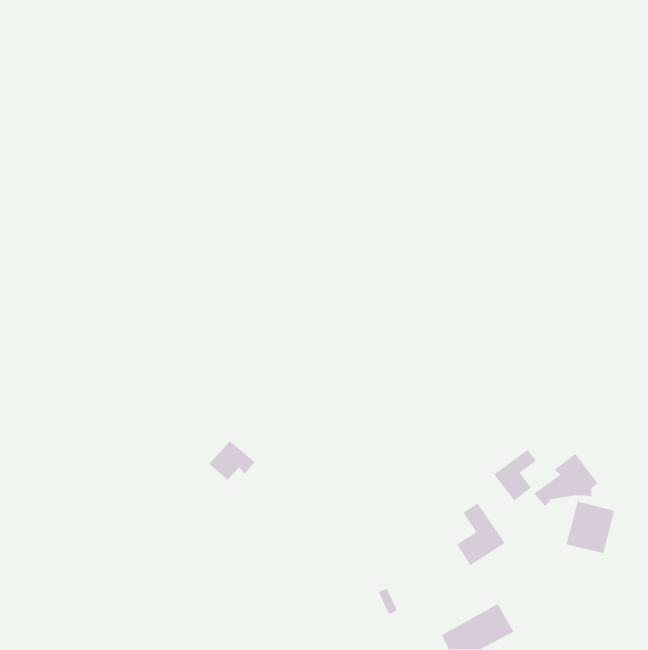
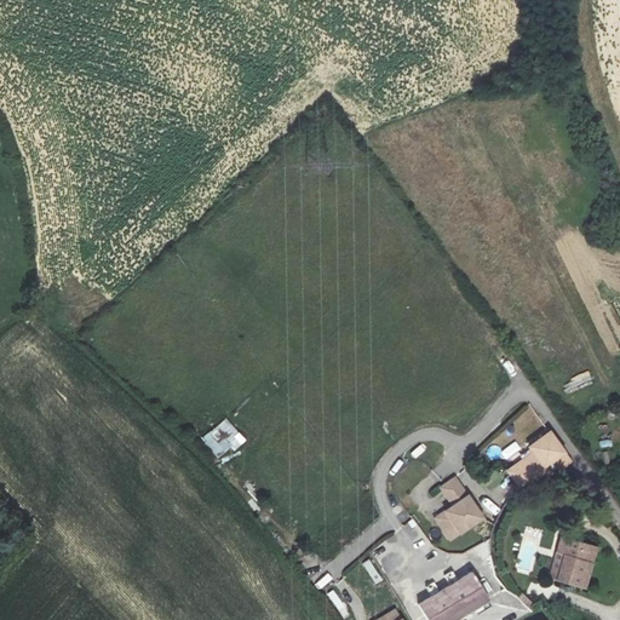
building: [493,449,537,501] -> none
building: [566,500,615,554] -> [550,535,597,586]

